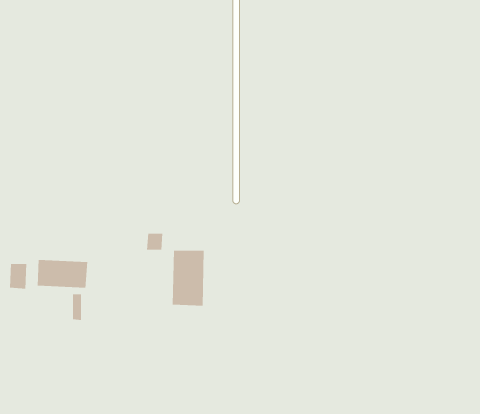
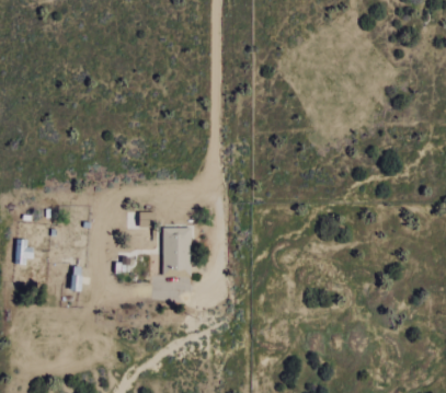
building: [37,259,88,288] -> none

